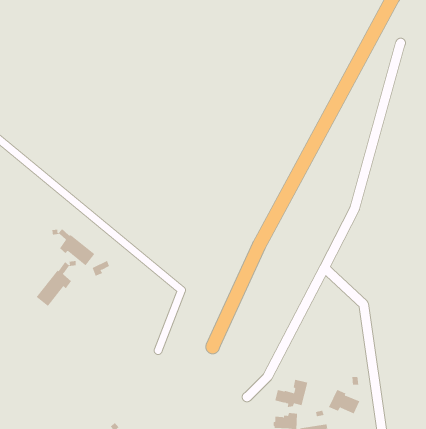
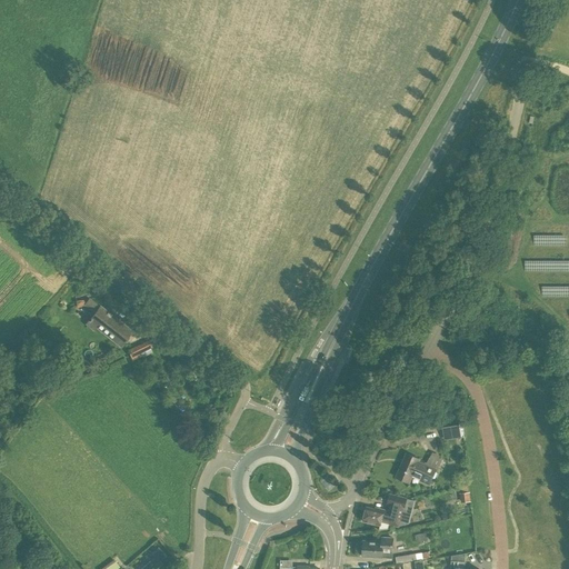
building: [36,260,76,307] -> none
building: [328,389,360,414] -> [397,451,438,483]

